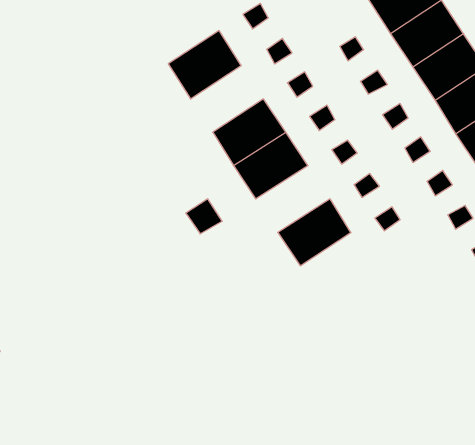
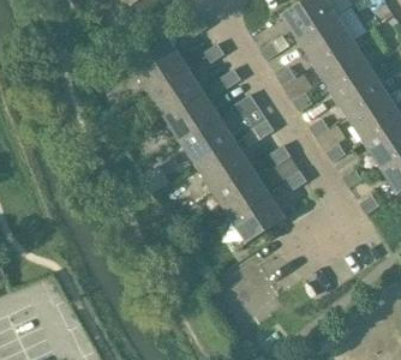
building: none -> [146,64,202,114]
building: none -> [196,139,252,190]
building: none -> [229,190,286,241]

